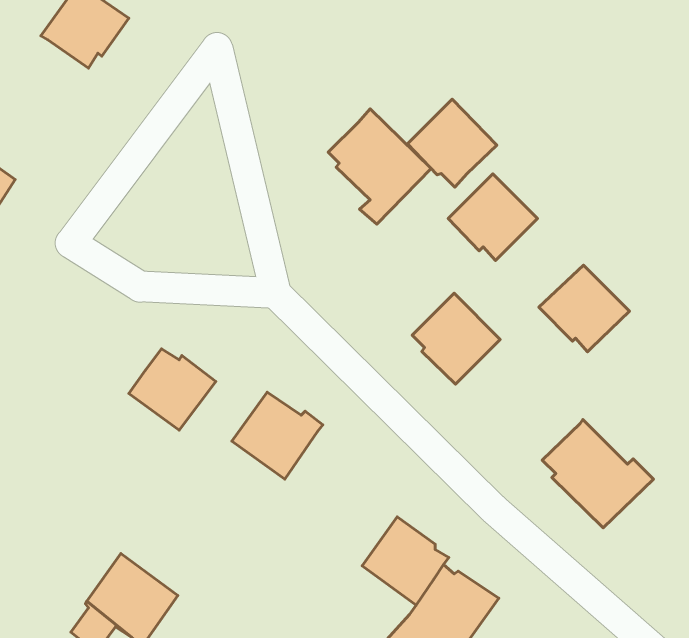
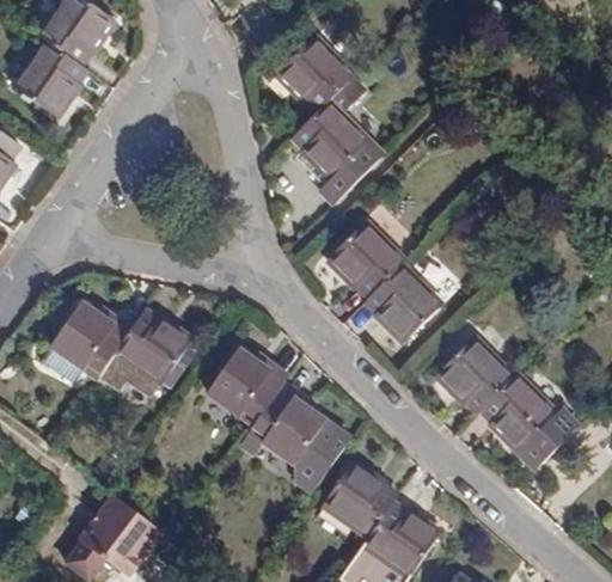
building: none -> [13,39,87,117]
building: [407,99,497,187] -> [276,35,355,112]
building: [448,174,538,260] -> [326,221,405,298]
building: [539,265,630,352] -> [434,337,514,413]
building: none -> [51,301,130,379]
building: none -> [241,385,351,491]

